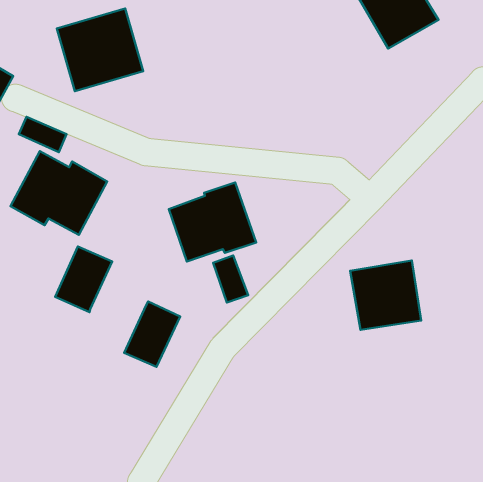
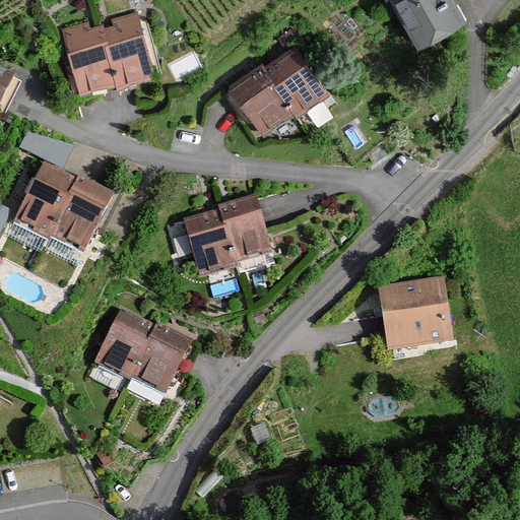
building: none -> [224,45,328,133]
building: [55,246,112,312] -> [95,310,156,380]
building: [213,255,248,302] -> none

